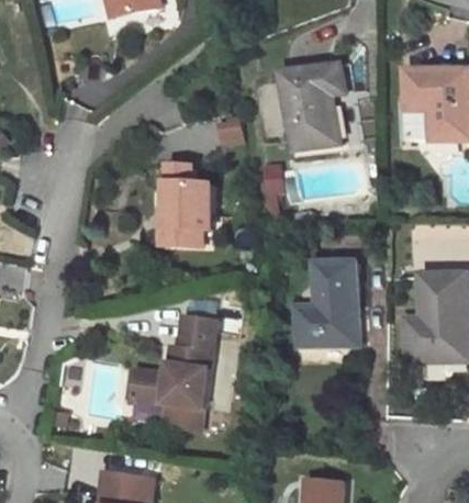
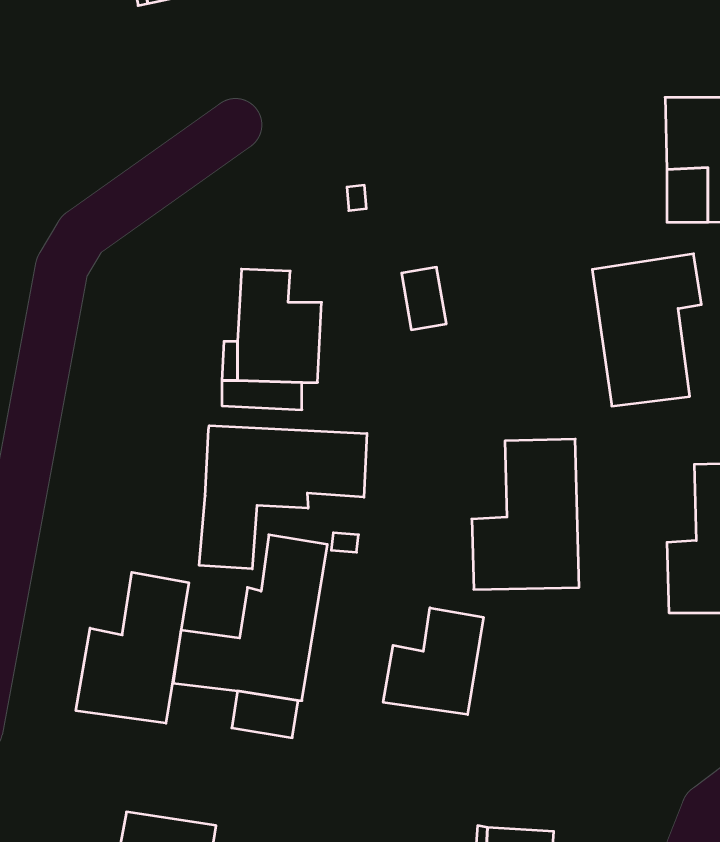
building: [282,64,344,149] -> [592,254,701,406]
building: none -> [199,426,367,569]
building: none -> [76,572,189,723]
building: none -> [383,608,483,715]

